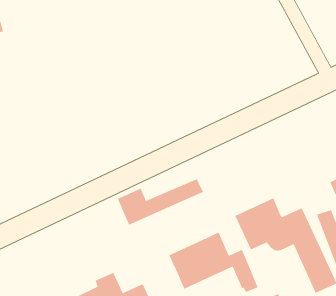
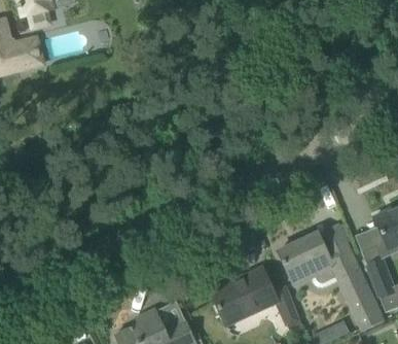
building: [117,179,204,225] -> none

